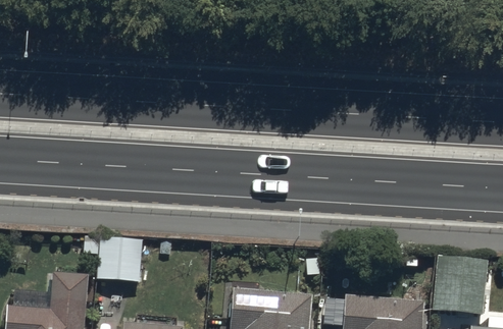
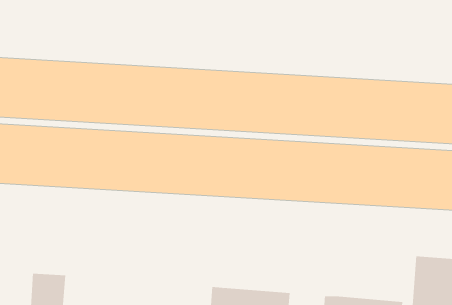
building: [98,237,143,281] -> none

